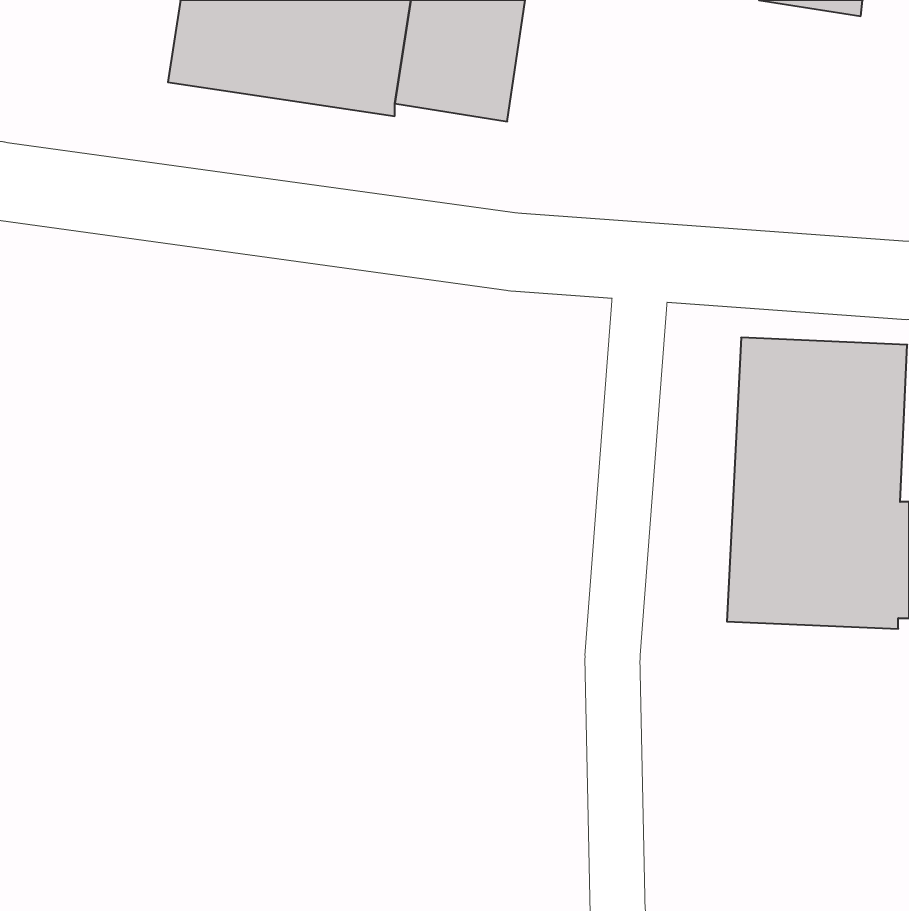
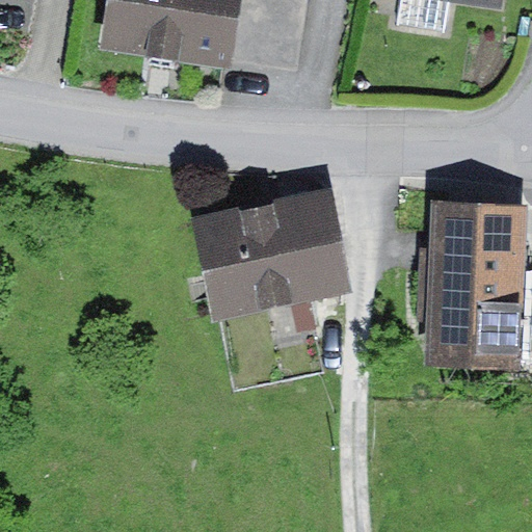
building: none -> [190,188,351,321]

